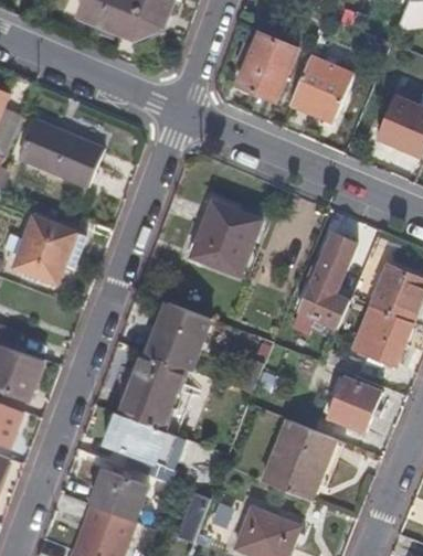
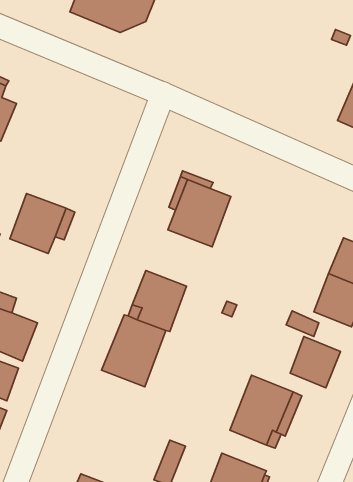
building: [239,30,302,98] -> none
building: [292,53,357,121] -> none
building: [17,120,102,188] -> none
building: [290,233,357,342] -> none
building: [103,414,175,483] -> none
building: [88,469,146,521] -> none

